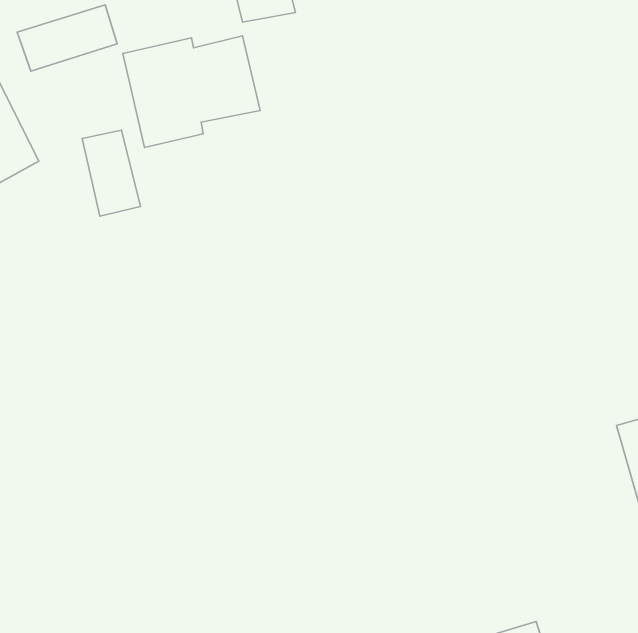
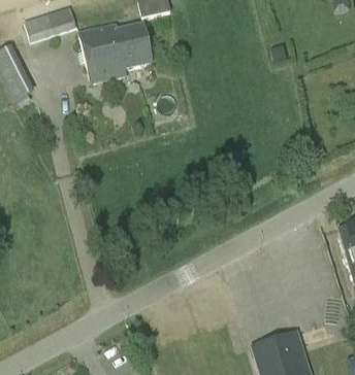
building: [82,130,141,216] -> none

